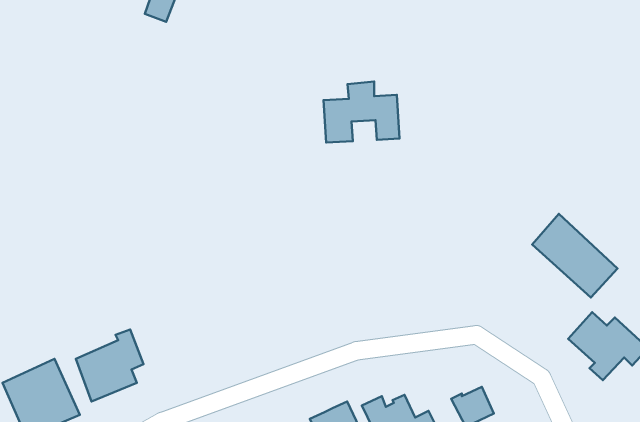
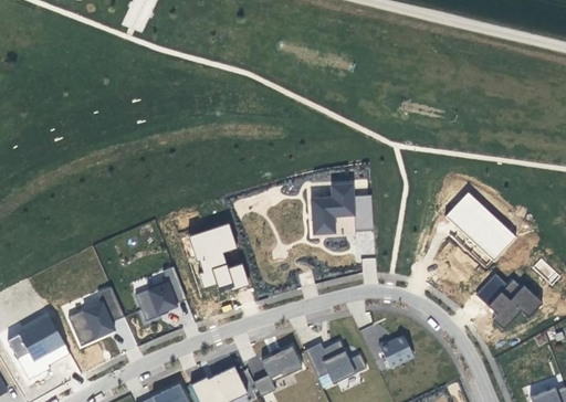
building: [323,81,399,143] -> [311,183,374,234]
building: none -> [190,224,249,293]
building: none -> [135,266,187,321]

